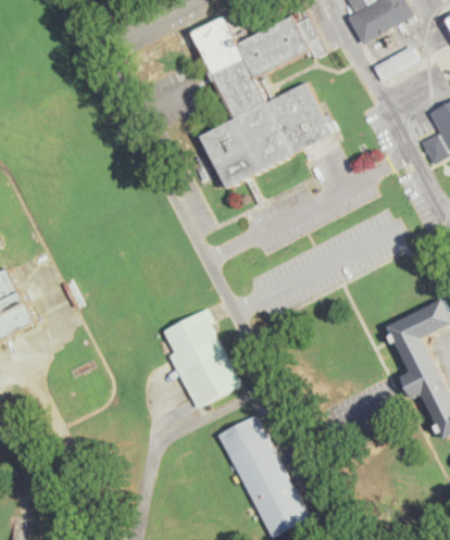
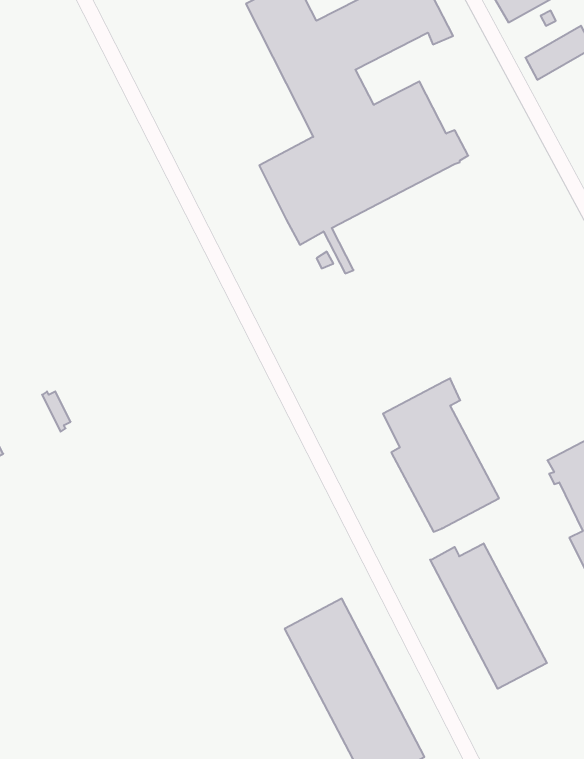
building: [163,307,238,406] -> [383,378,499,532]
building: none -> [430,543,547,689]

